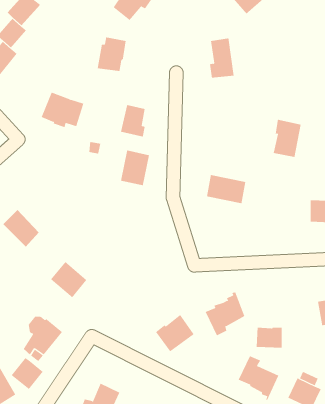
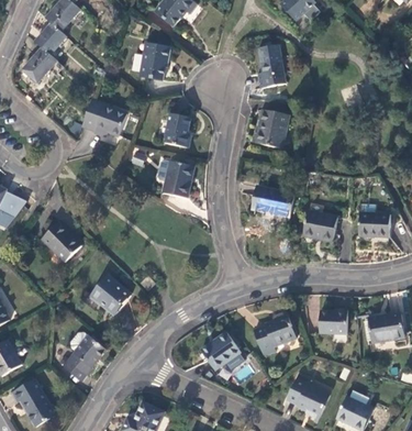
building: [273,119,301,157] -> [256,109,286,148]
building: none -> [303,210,337,240]
building: [256,327,282,348] -> [319,311,346,333]
building: [11,357,44,390] -> none

